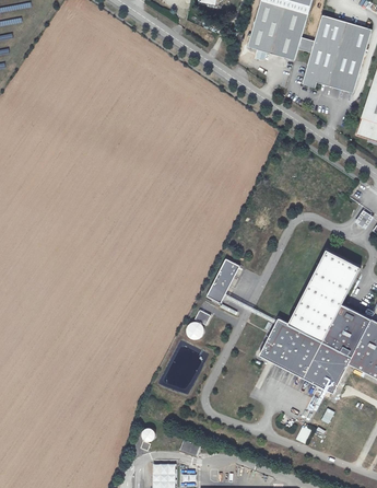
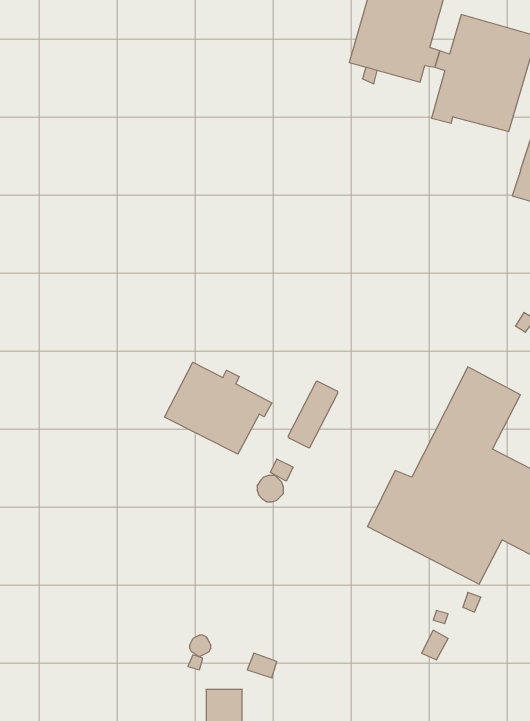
building: none -> [164,362,272,454]

